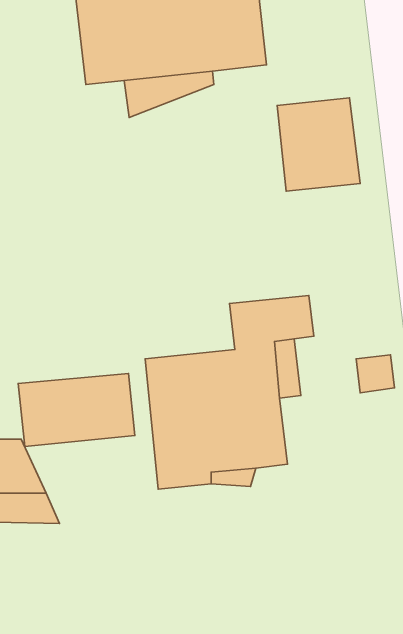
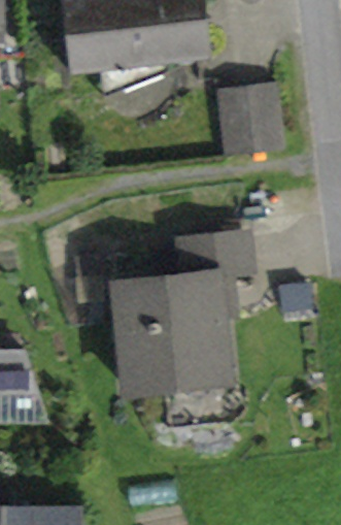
building: [18,374,135,446] -> none

